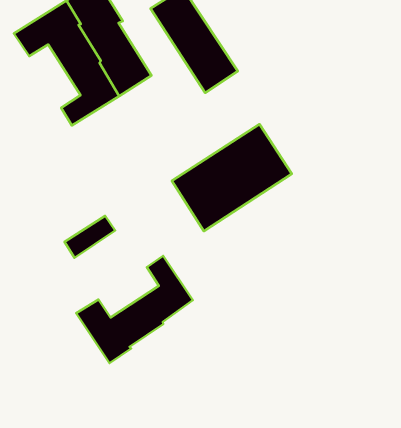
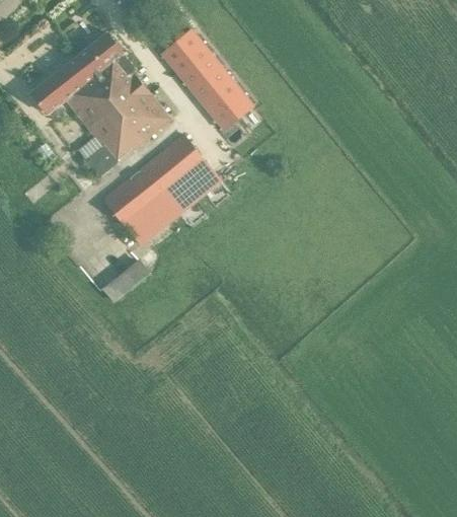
building: [172,124,292,231] -> [104,136,220,245]
building: [76,256,193,363] -> none

